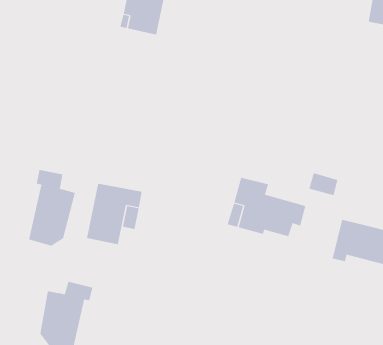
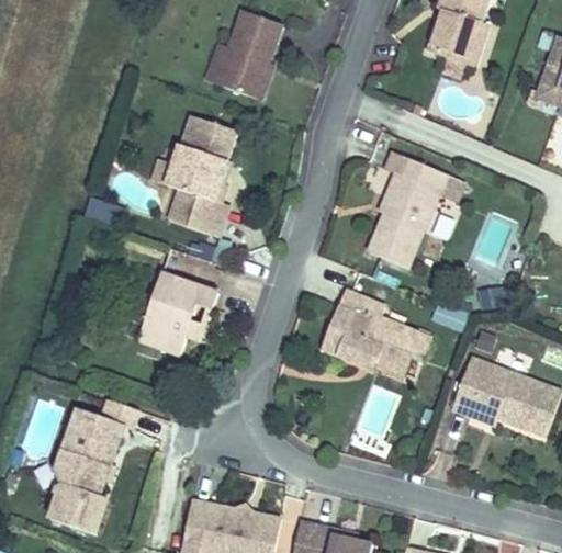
building: none -> [167,121,243,244]
building: none -> [363,160,443,264]
building: [29,169,76,246] -> none

